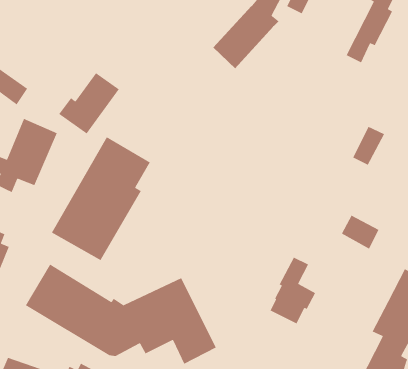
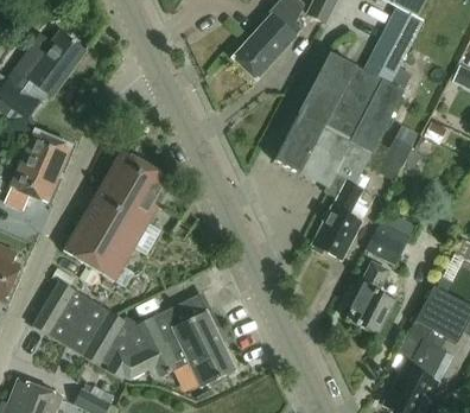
building: none -> [274,53,404,259]
building: [58,72,120,135] -> [23,30,87,95]
building: [270,256,316,325] -> [348,262,396,333]

